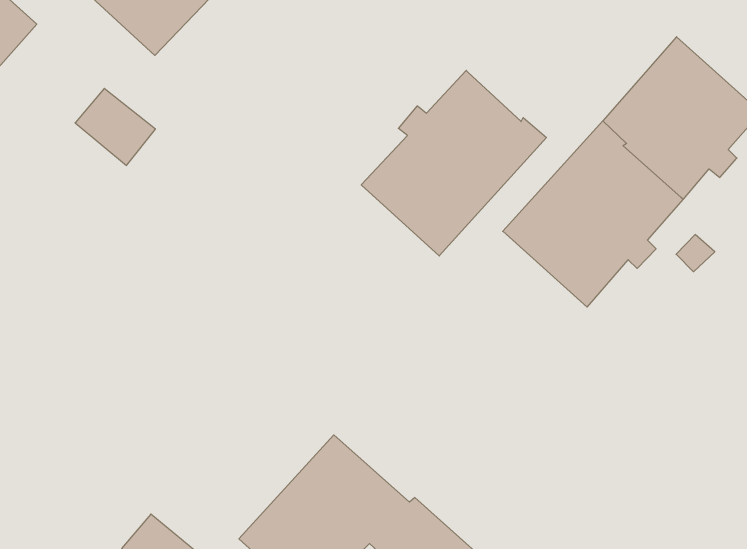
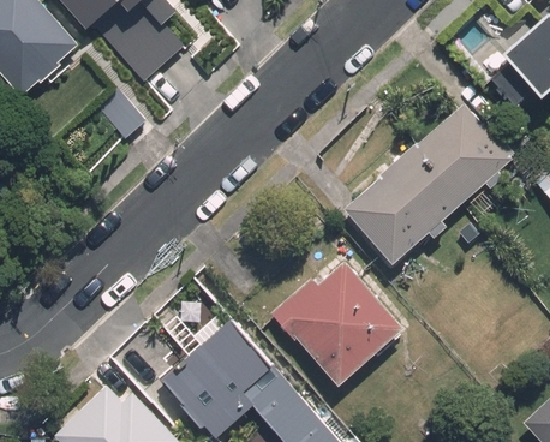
building: [361,70,546,256] -> none
building: none -> [273,263,406,389]

